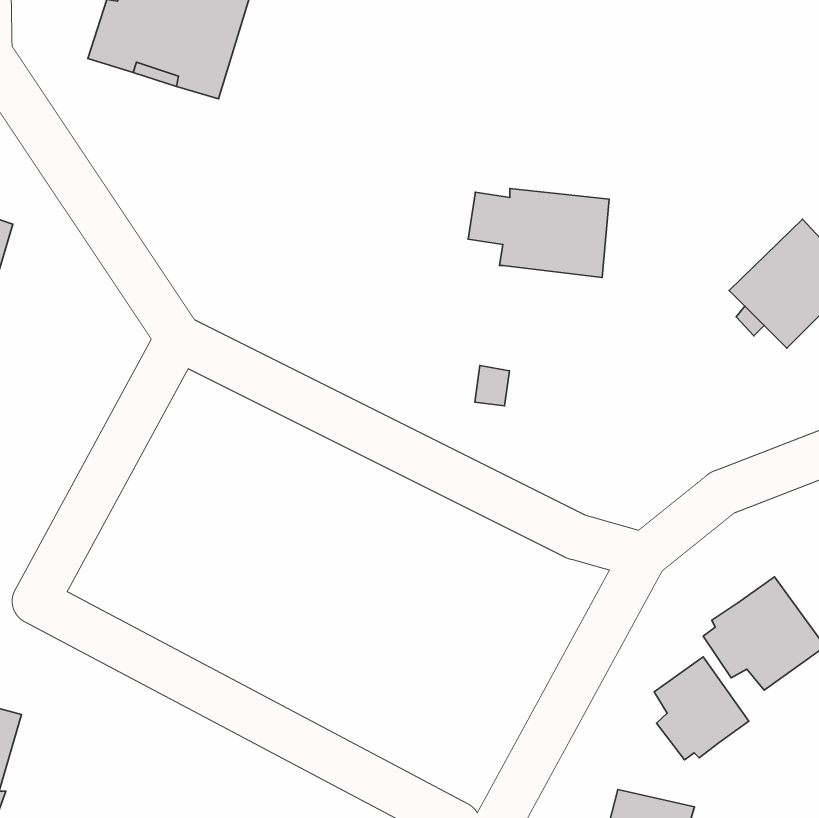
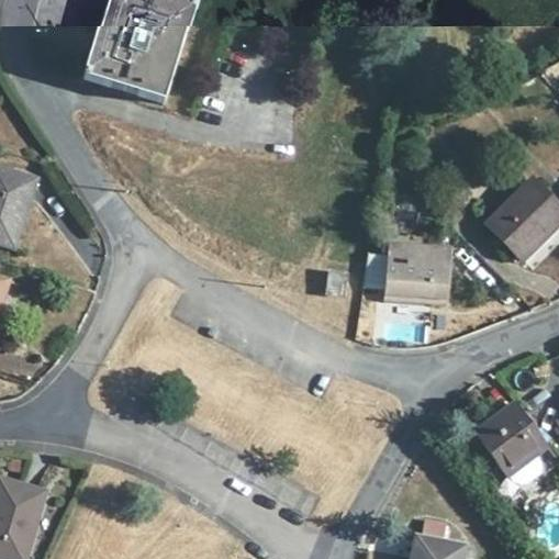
building: [468,189,609,278] -> [362,243,451,299]
building: [654,657,749,760] -> none

